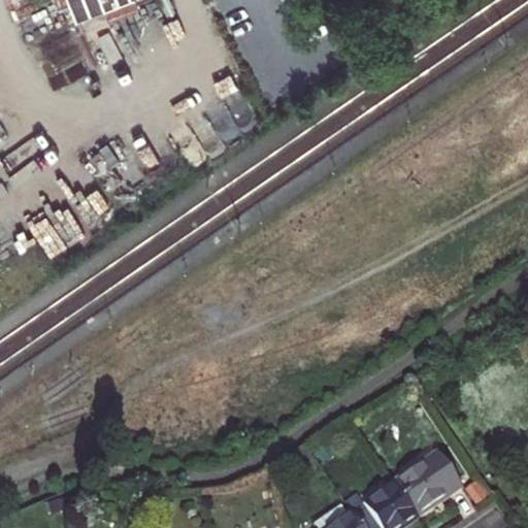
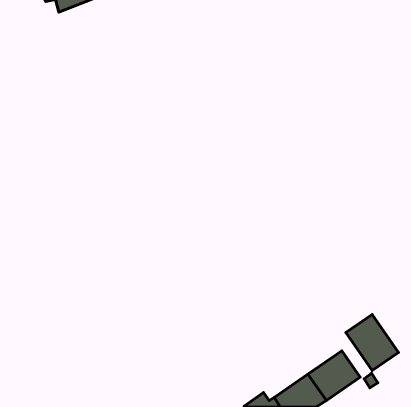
building: none -> [346,315,398,371]

